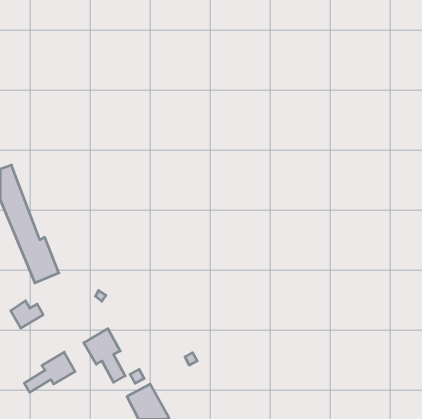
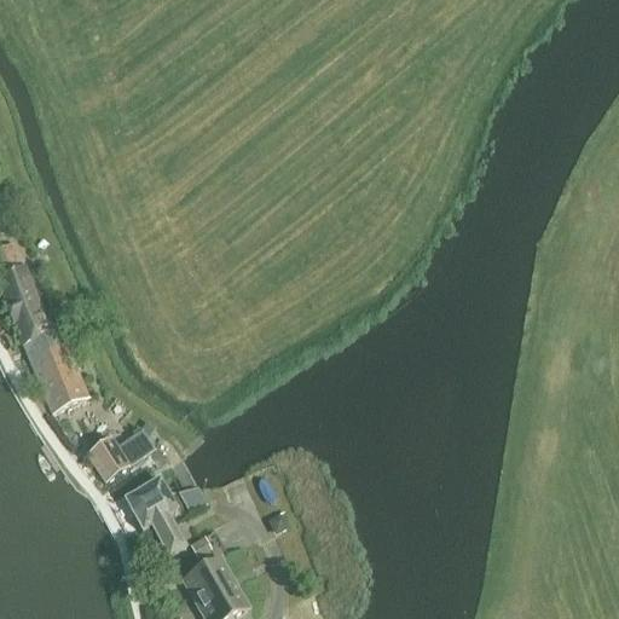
building: [11,301,43,328] -> [82,433,129,473]
building: [24,352,75,392] -> none

